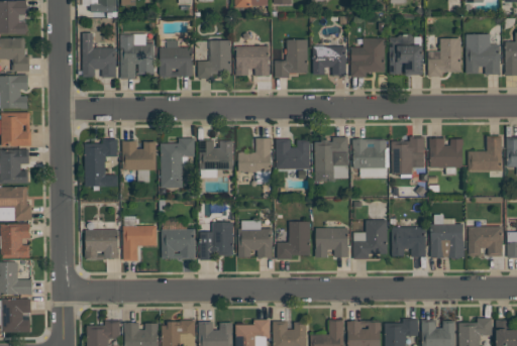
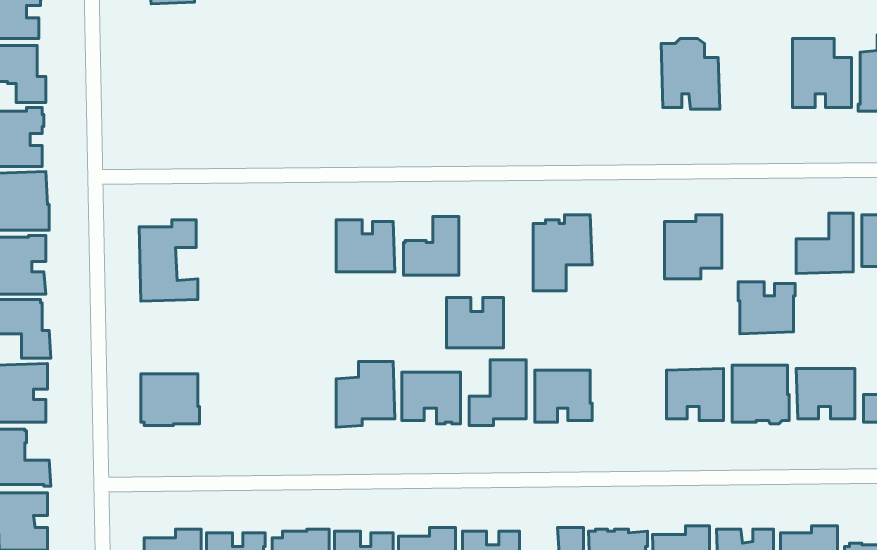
building: [82,32,116,78] -> none
building: [120,33,153,79] -> none
building: [350,37,385,77] -> none
building: [428,38,460,76] -> none
building: [160,39,193,77] -> none
building: [197,39,231,78] -> none
building: [275,39,307,77] -> none
building: [235,45,270,77] -> none
building: [312,45,345,76] -> none
building: [160,137,195,188] -> none
building: [429,137,462,167] -> [738,282,795,334]
building: [351,138,386,167] -> none
building: [276,139,309,168] -> [447,298,504,348]
building: [122,140,156,169] -> none
building: [353,219,387,258] -> none
building: [122,225,157,260] -> none
building: [162,229,195,259] -> none

